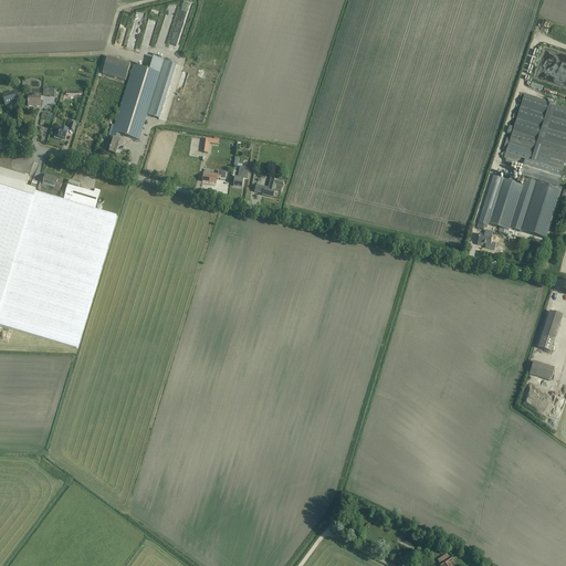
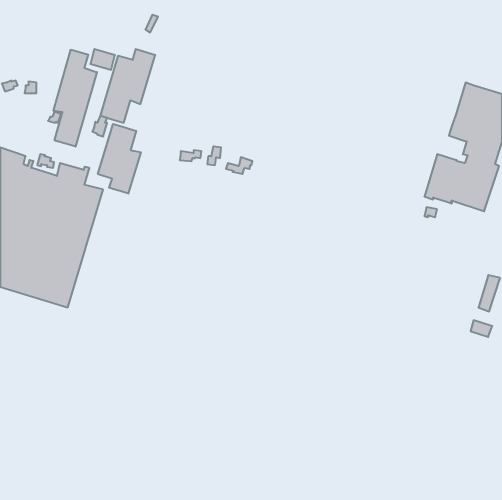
building: none -> [53,50,97,147]
building: none -> [98,124,141,194]

